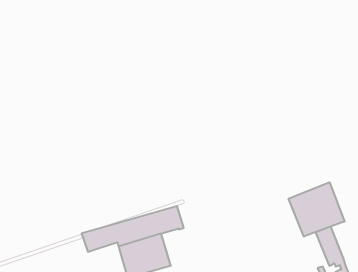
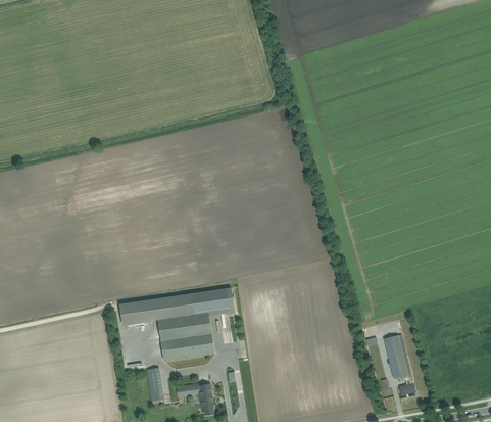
building: [289,182,345,237] -> none

